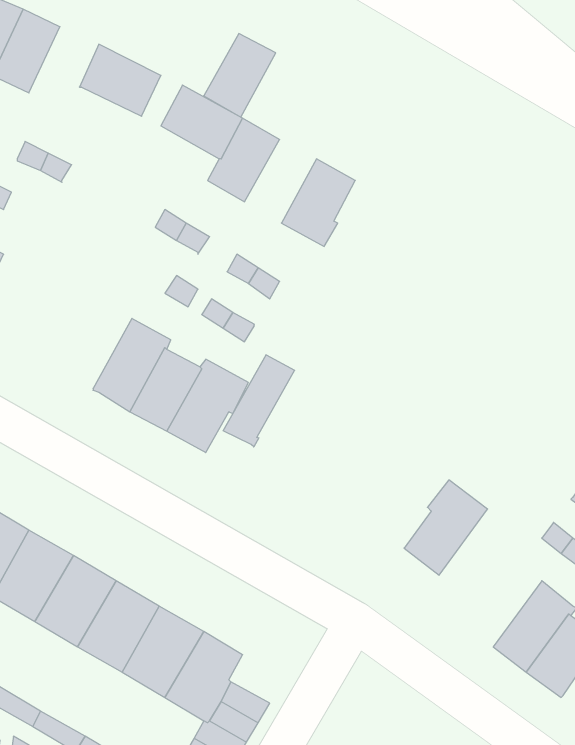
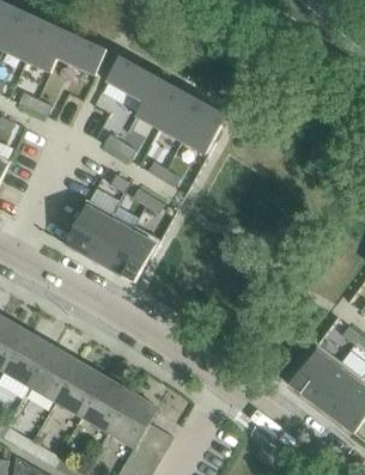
building: none -> [25,20,68,72]
building: [204,34,276,117] -> [158,90,202,141]
building: [223,355,295,447] -> none
building: [404,480,488,575] -> [290,343,341,402]

